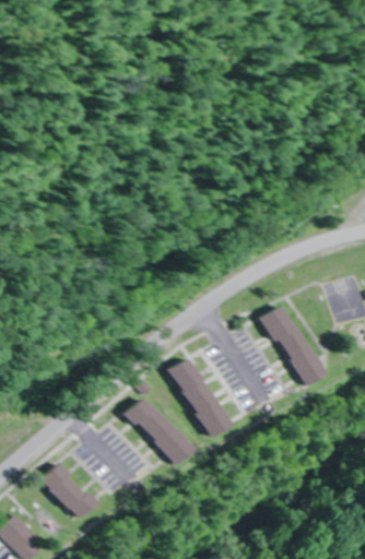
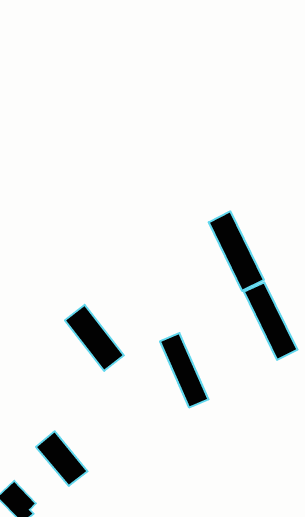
building: none -> [209,211,264,291]
building: [126,395,188,465] -> [65,305,124,371]

